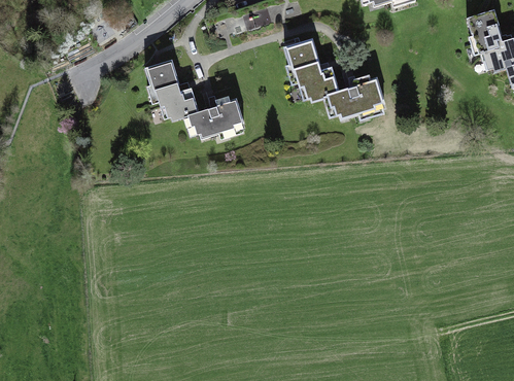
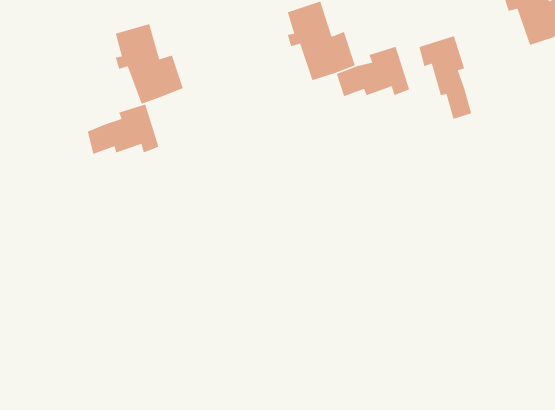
building: none -> [418,35,472,120]
building: [185,93,245,135] -> [87,103,160,155]

